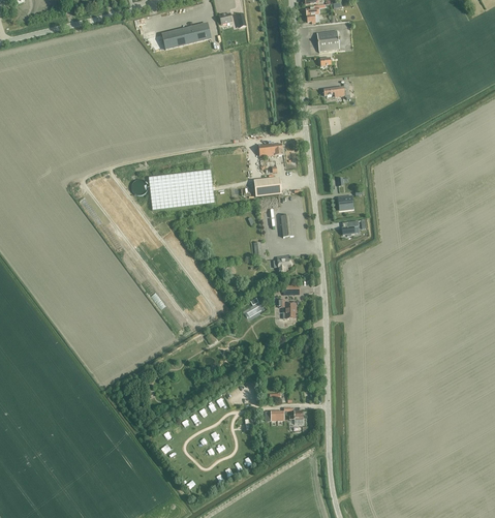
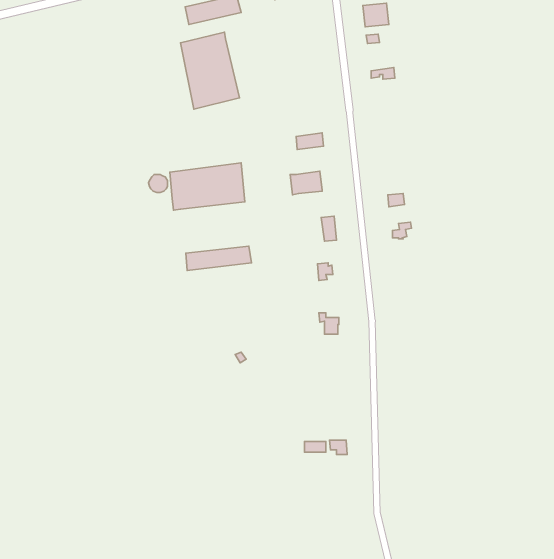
building: none -> [180,32,239,109]
building: none -> [186,246,251,270]

